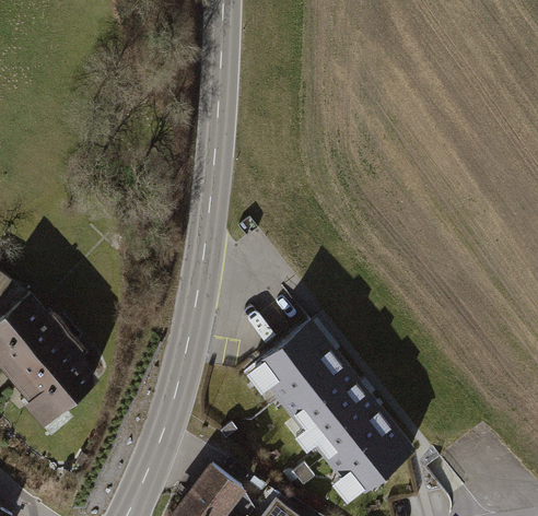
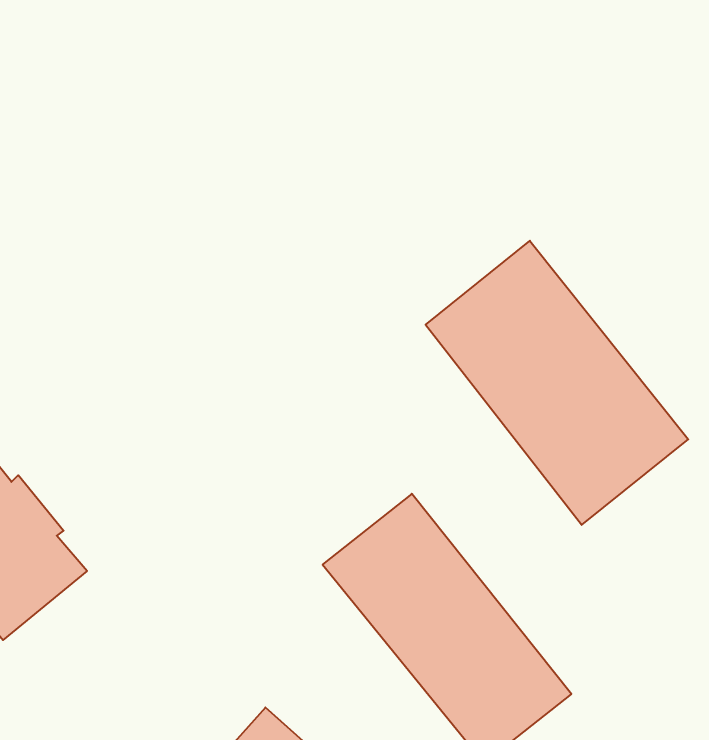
building: none -> [426,241,688,525]

